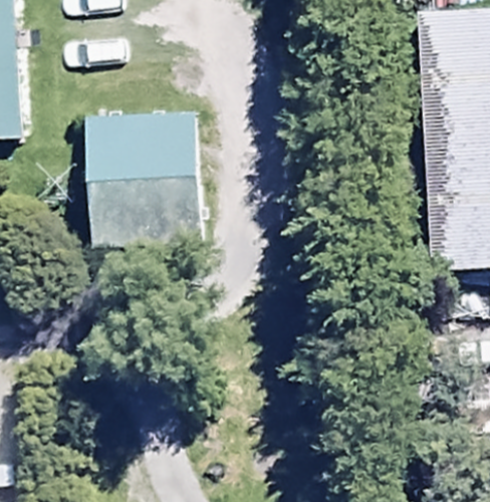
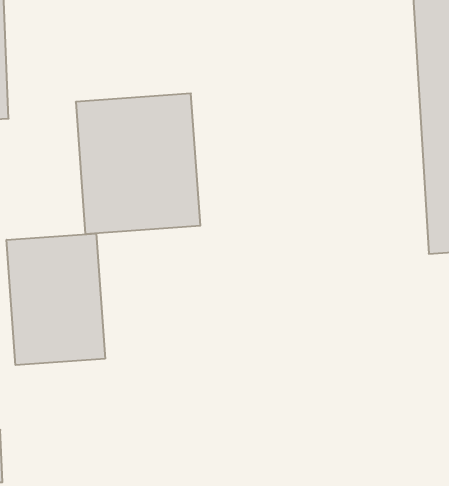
building: none -> [7,233,105,365]

